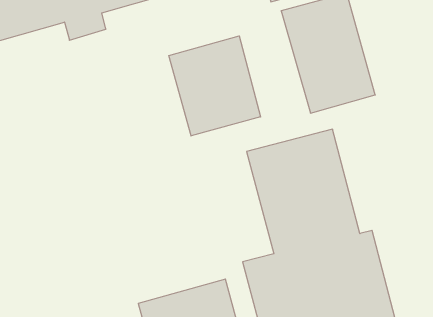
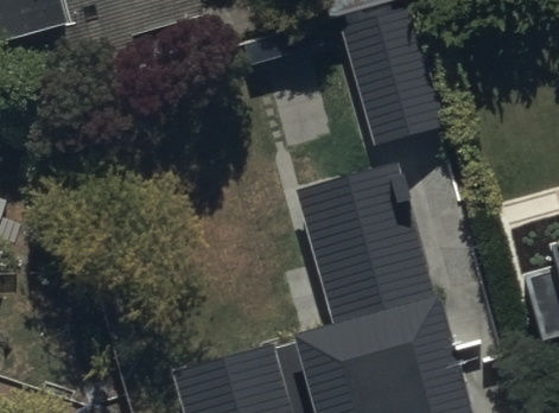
building: [169,36,261,136] -> none

